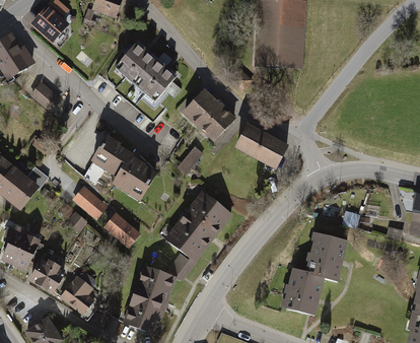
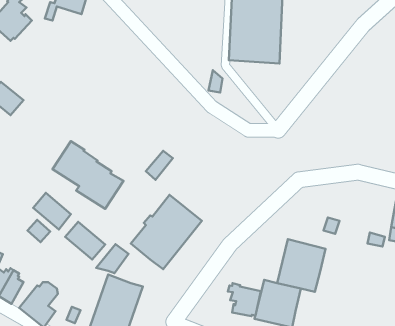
building: [113,41,178,104] -> none
building: [180,89,235,145] -> none
building: [235,122,287,164] -> none
building: [164,250,195,277] -> [96,244,128,273]
building: none -> [228,283,261,316]

